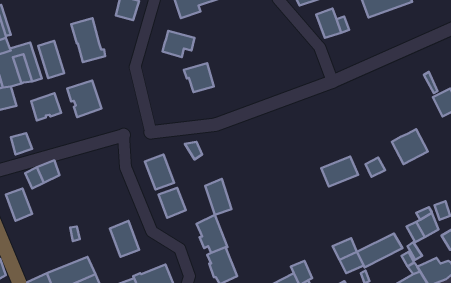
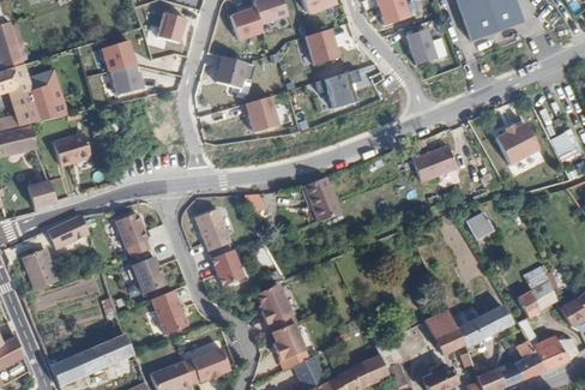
building: none -> [306,28,339,64]
building: none -> [315,67,361,107]
building: [38,41,64,78] -> none
building: [67,81,101,117] -> none
building: [392,129,428,164] -> [495,122,539,166]
building: [321,156,358,187] -> [410,145,456,182]
building: none -> [114,211,149,256]
building: [205,179,231,215] -> [304,176,337,221]
building: none -> [131,256,164,294]

